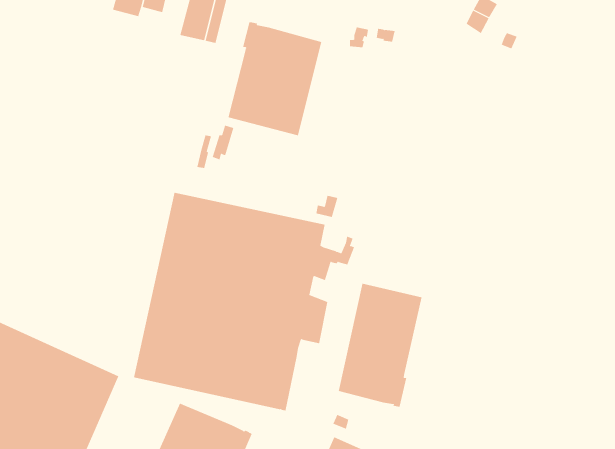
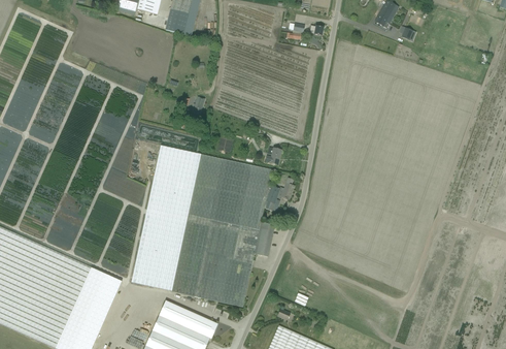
building: [228,21,322,136] -> none
building: [338,283,422,407] -> none

